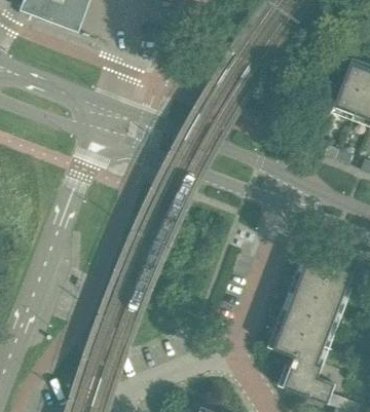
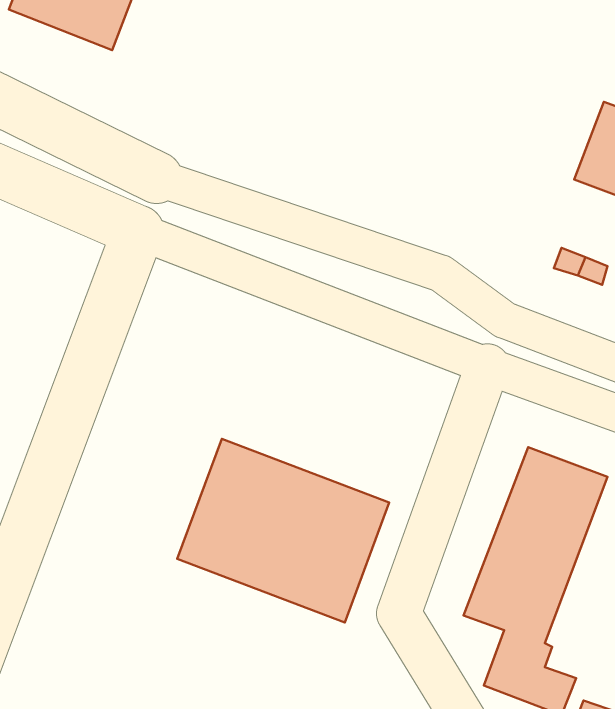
building: none -> [177,439,389,623]

